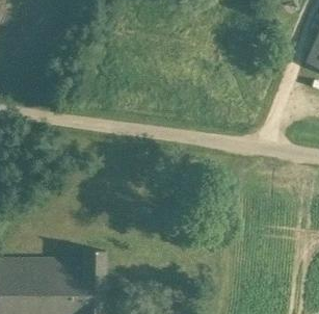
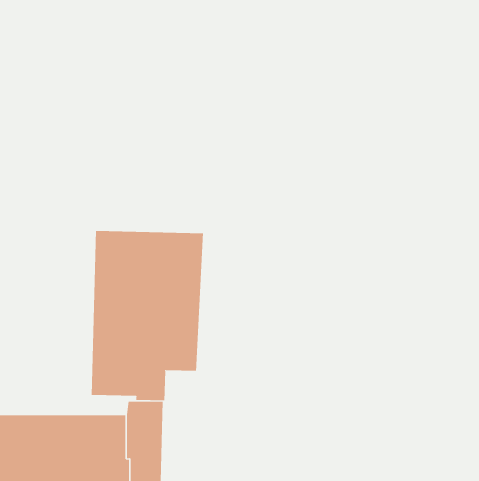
building: none -> [91,230,204,401]

